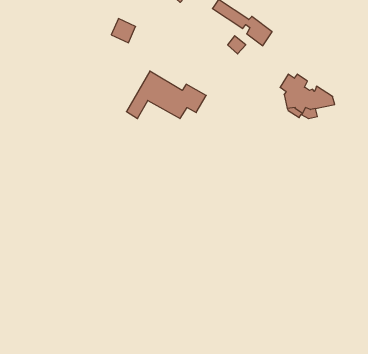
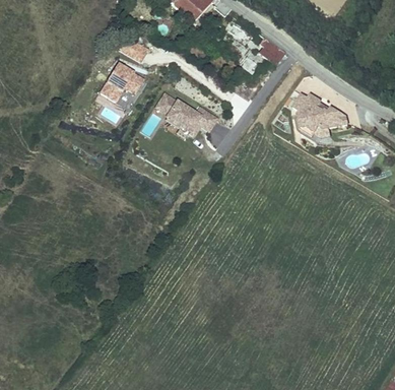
building: none -> [100,62,146,110]

